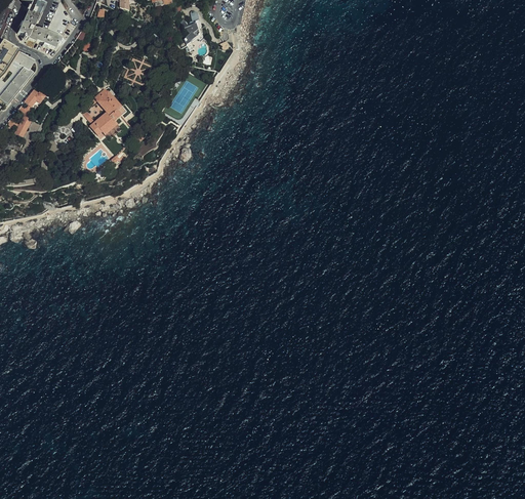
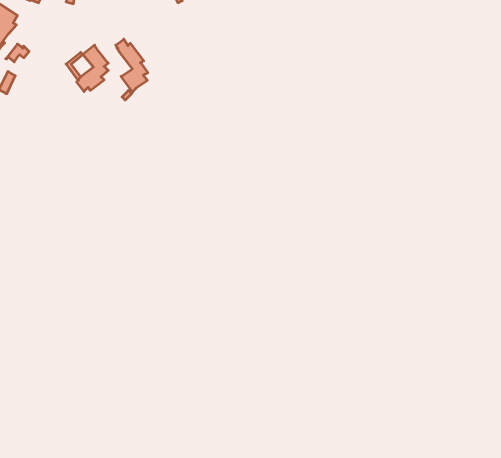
building: none -> [116,39,148,92]

